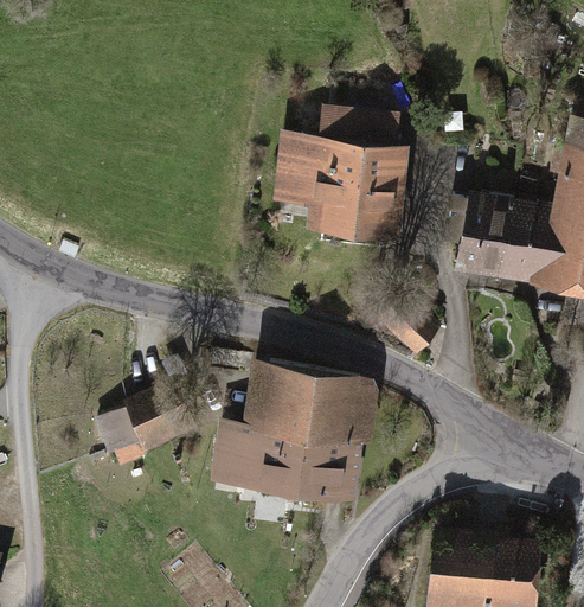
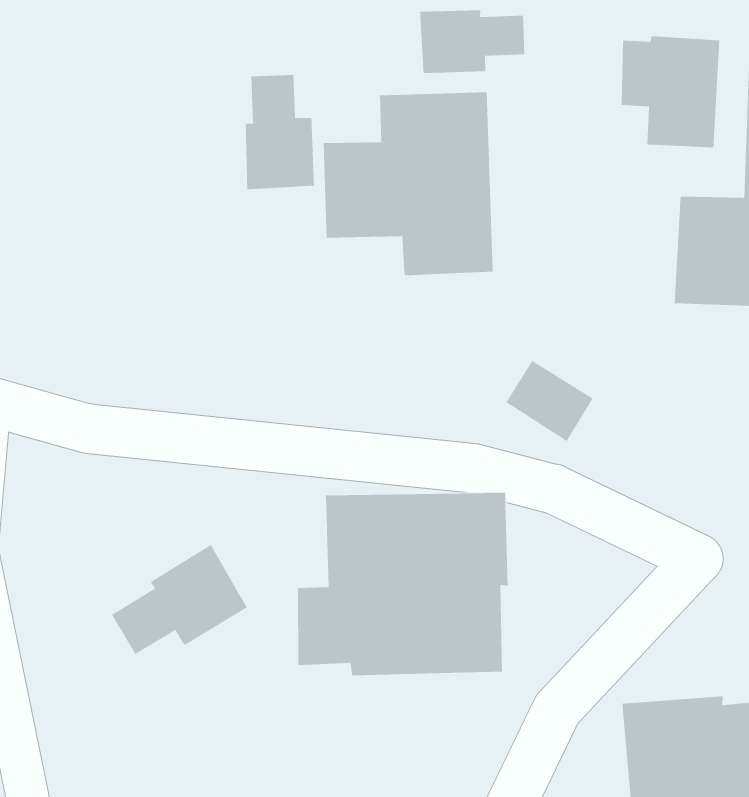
building: none -> [419,9,525,74]
building: none -> [245,74,314,190]
building: [442,196,513,275] -> [621,36,720,148]

